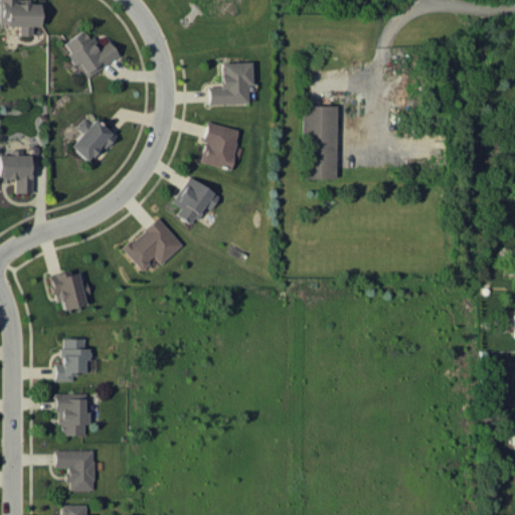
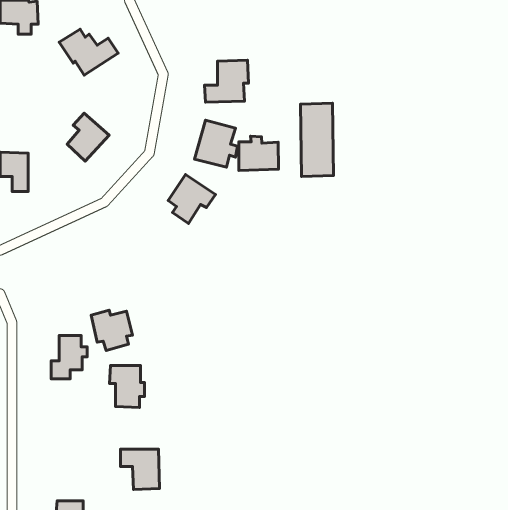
building: none -> [239,136,279,170]
building: [124,218,183,271] -> none
building: [50,271,92,311] -> [91,310,132,350]
building: [55,394,91,437] -> [110,365,145,408]
building: [56,451,96,491] -> [120,449,159,489]

